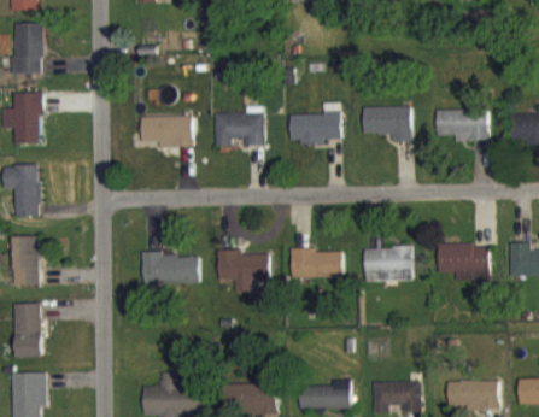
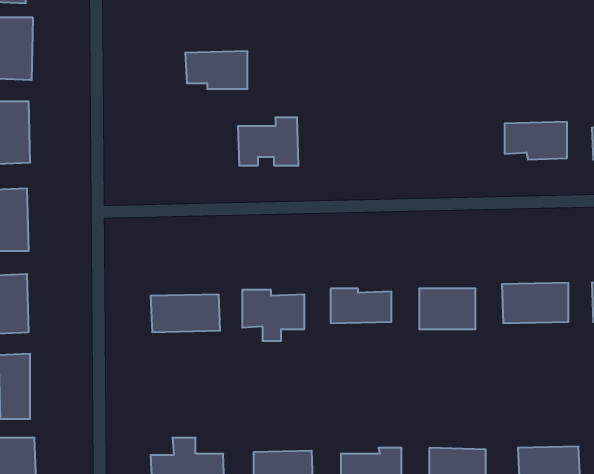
building: [289,102,340,143] -> none
building: [362,106,411,142] -> none
building: [140,116,192,147] -> [185,51,248,89]

